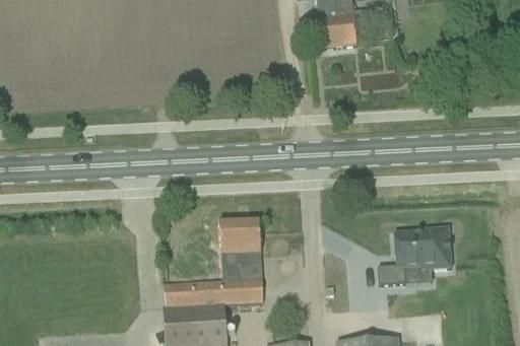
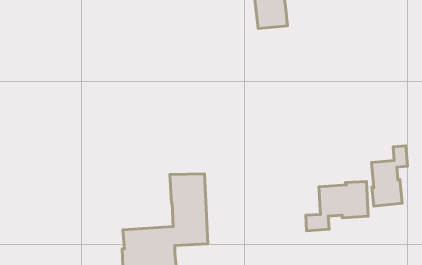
building: none -> [372,146,407,206]

